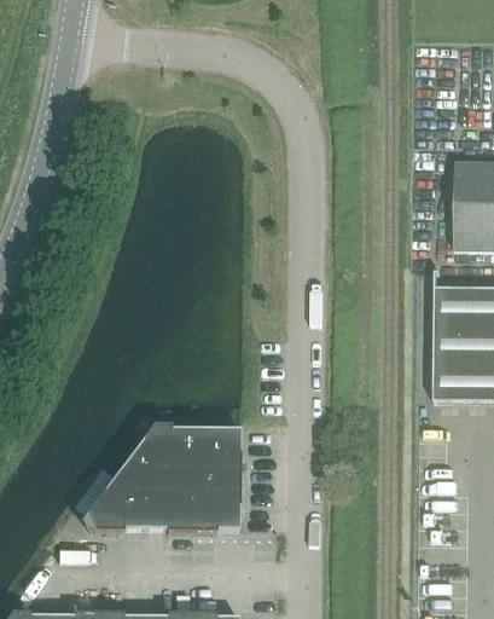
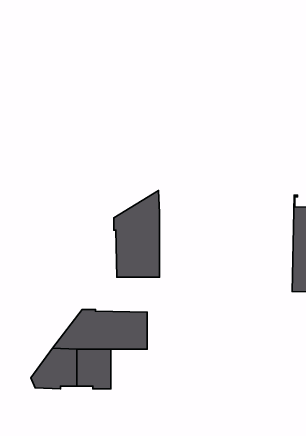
building: none -> [114,191,160,277]
building: [191,478,239,531] -> none

